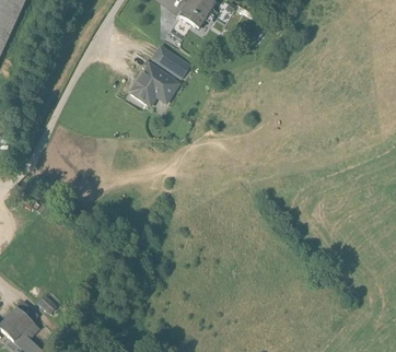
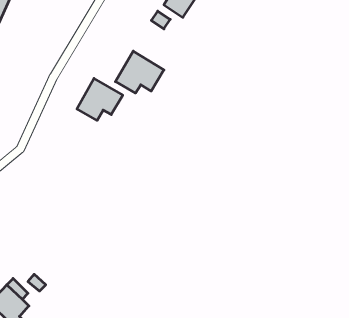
building: [152,46,189,77] -> none
building: none -> [77,78,123,120]

